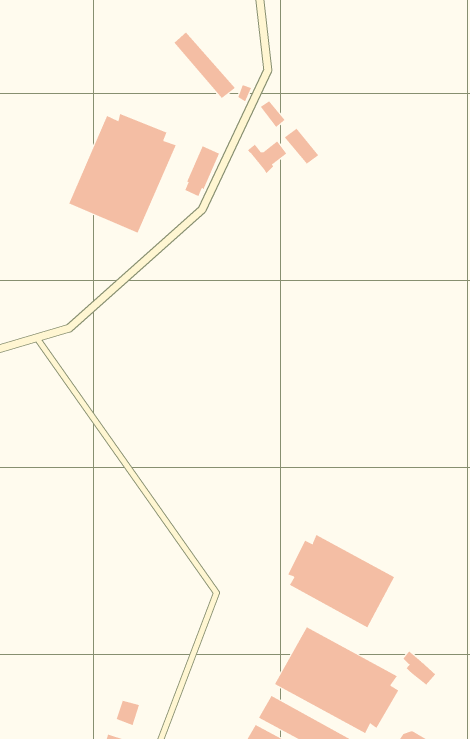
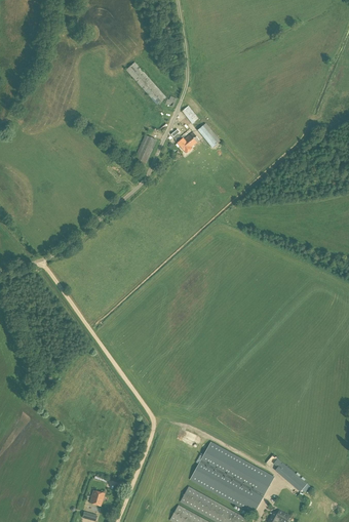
building: [68,113,176,234] -> none
building: [287,534,395,628] -> none

